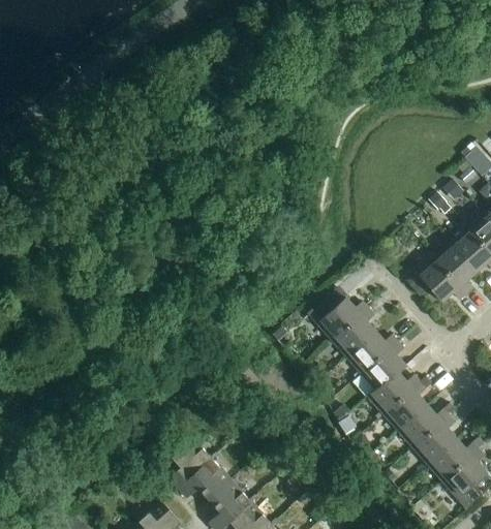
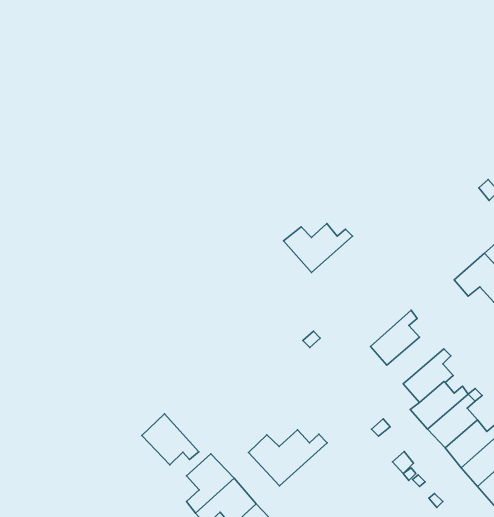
building: [309,298,370,341] -> [284,223,352,272]
building: [348,333,399,374] -> none
building: none -> [142,414,199,465]
building: none -> [248,430,327,486]

